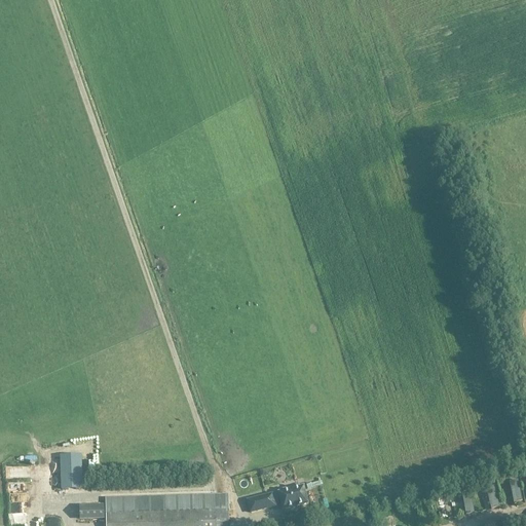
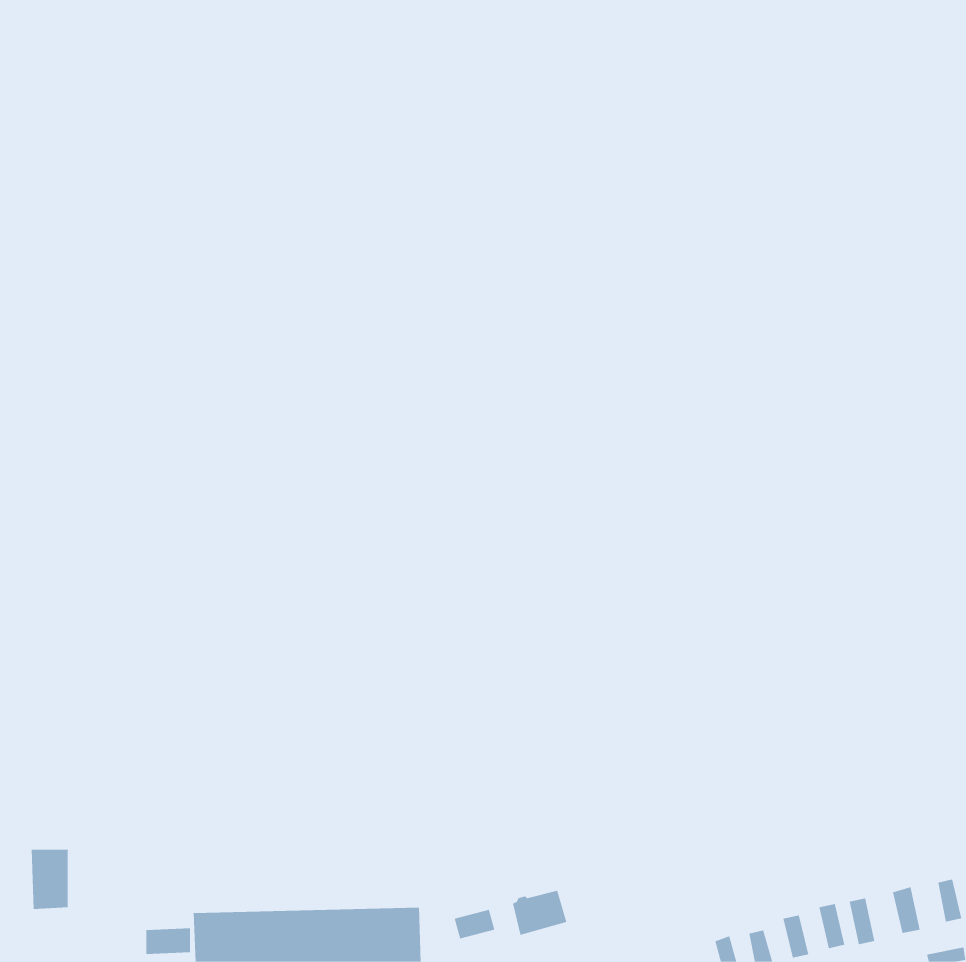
building: [59,454,79,487] -> [31,849,69,910]

